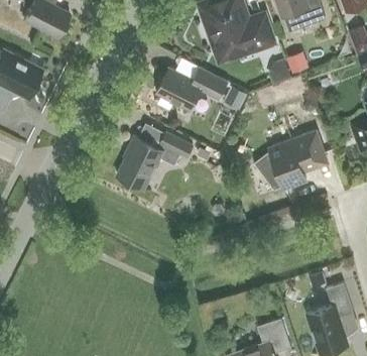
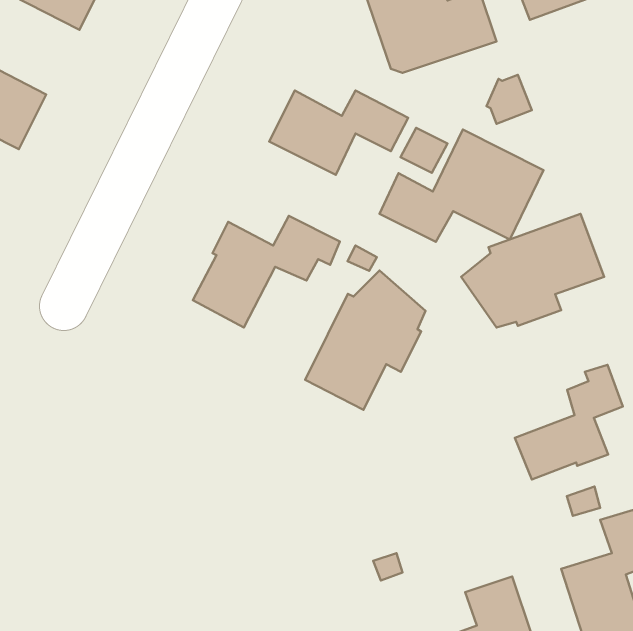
building: none -> [379,129,544,242]
building: none -> [305,271,425,410]
building: none -> [515,365,623,479]

